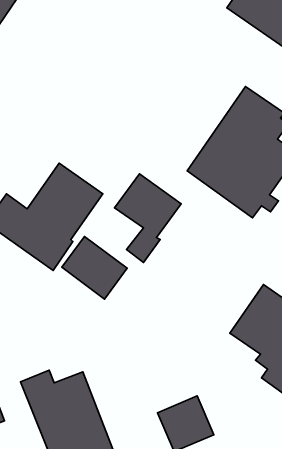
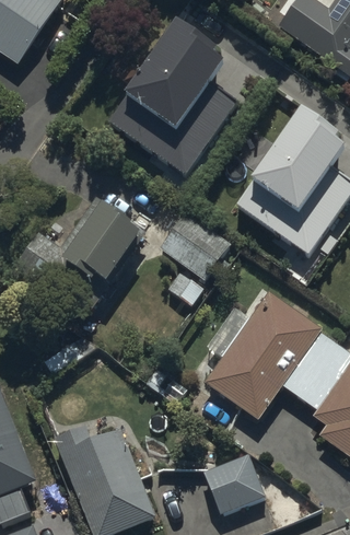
building: none -> [108,25,236,175]
building: [62,236,127,299] -> none
building: none -> [201,287,322,418]

